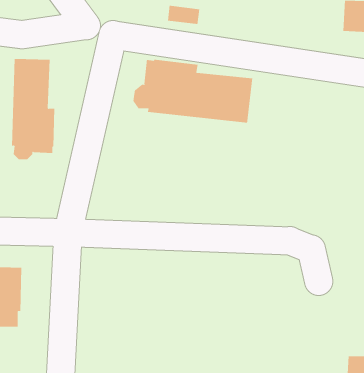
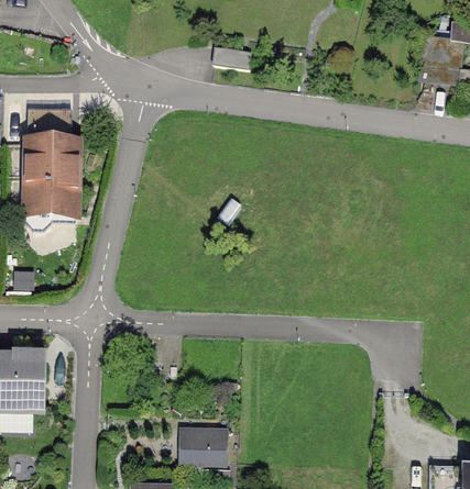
building: [133,59,253,124] -> none
building: none -> [185,431,225,462]

